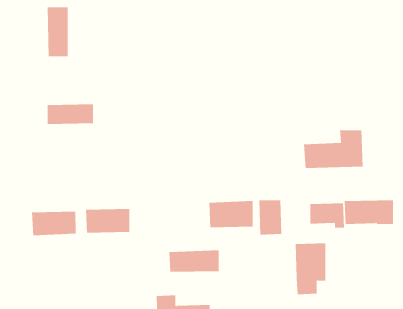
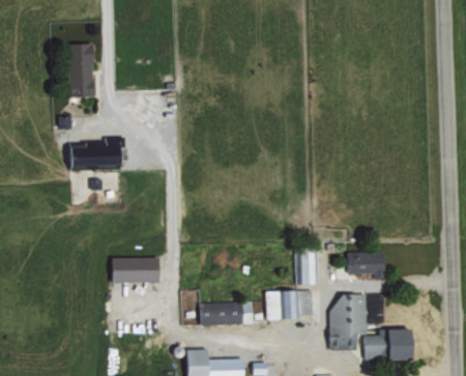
building: [303,129,363,169] -> none
building: [344,200,394,224] -> [362,334,415,359]
building: [209,200,254,228] -> [264,290,312,319]
building: [32,211,76,236] -> none

